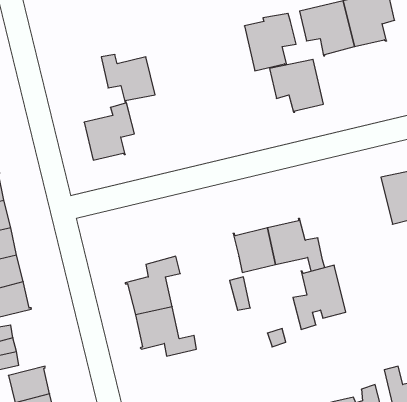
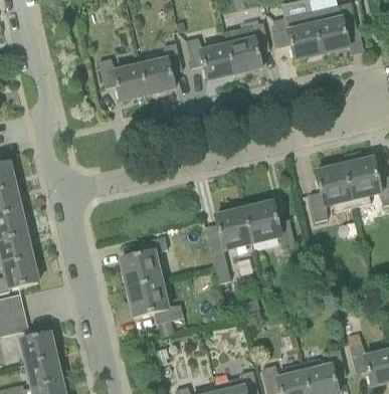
building: [270,59,323,112] -> [187,33,234,79]
building: [84,103,134,160] -> [139,43,183,93]
building: [293,265,346,329] -> [309,166,355,222]

